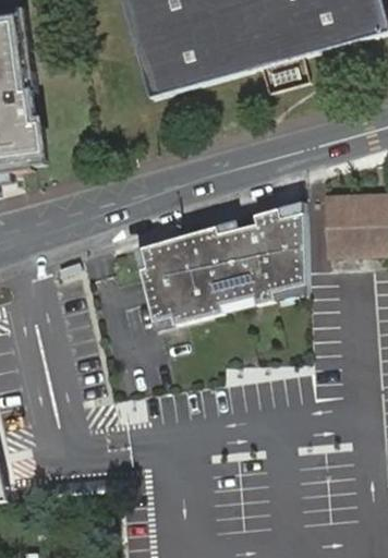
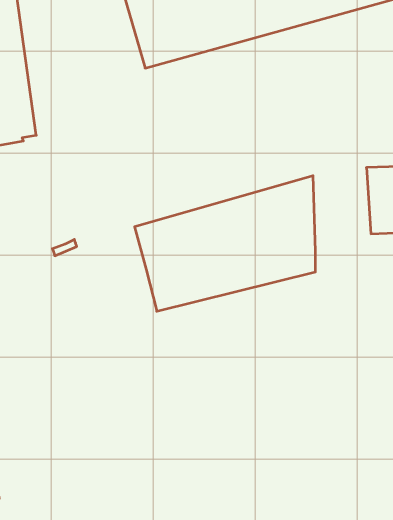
building: [325,192,363,255] -> none

